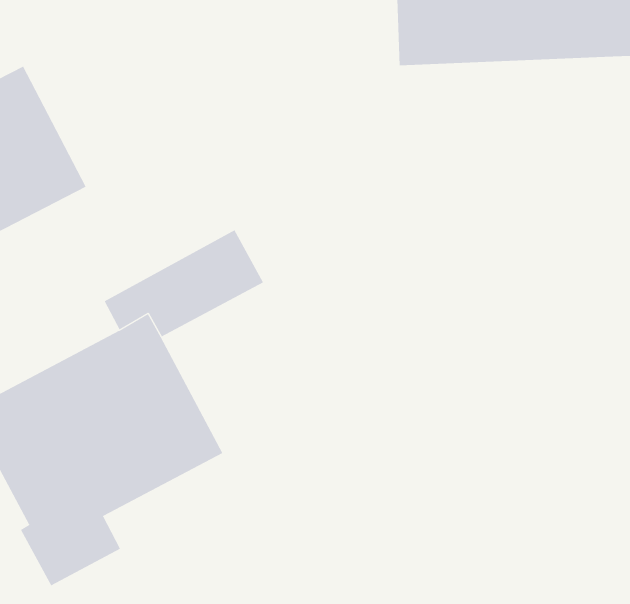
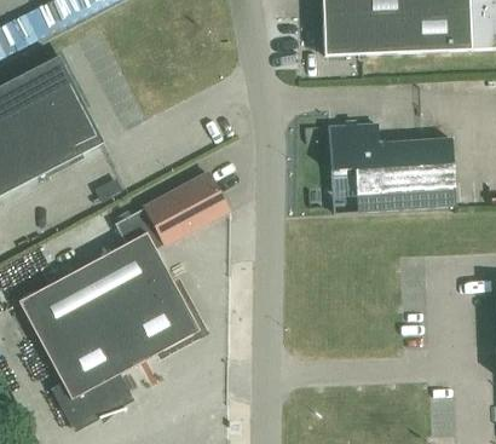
building: none -> [328,123,455,213]

